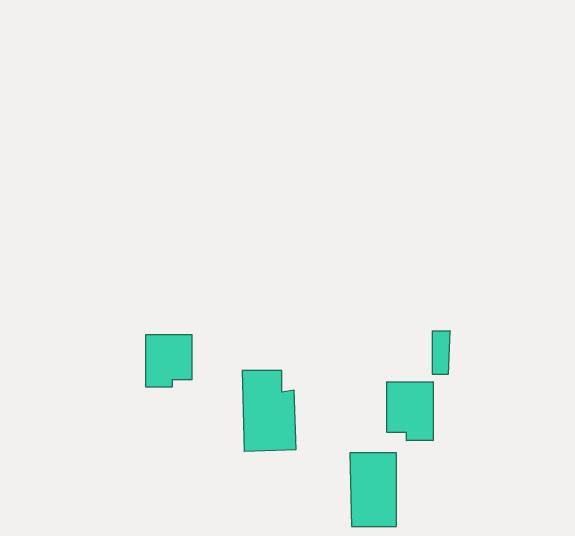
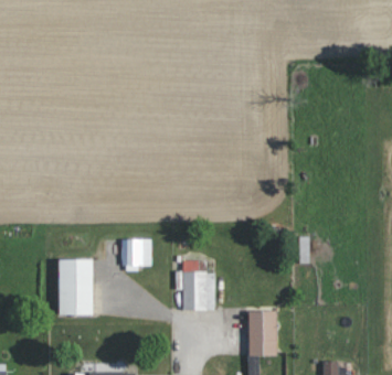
building: none -> [57,259,93,314]
building: [387,382,433,441] -> none

